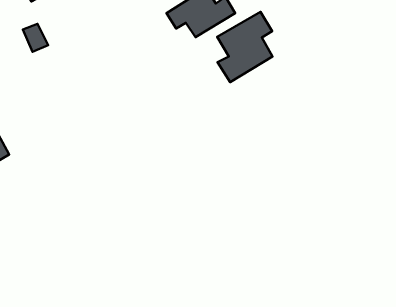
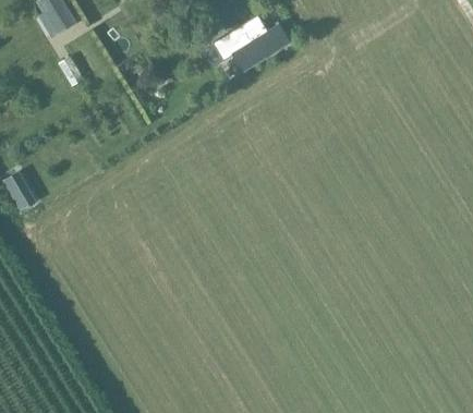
building: [217,12,273,82] -> none

